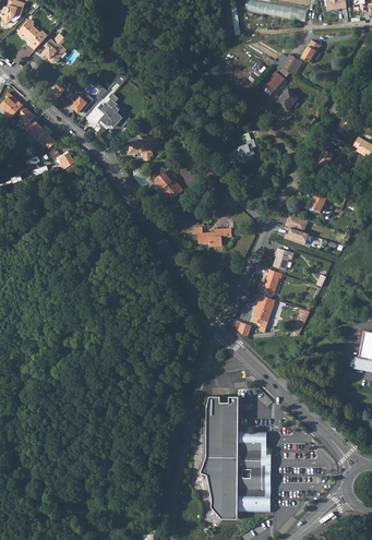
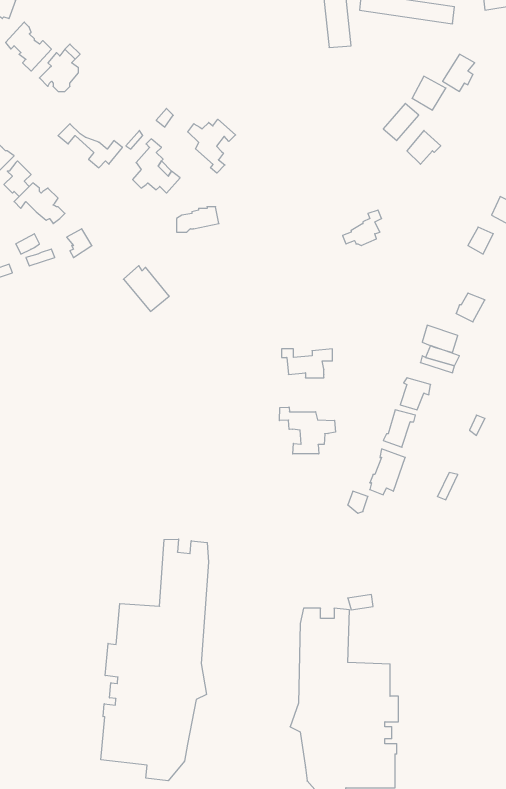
building: none -> [188,119,236,173]
building: [156,175,185,204] -> [123,266,169,311]
building: none -> [279,407,335,454]
building: none -> [101,539,209,781]

